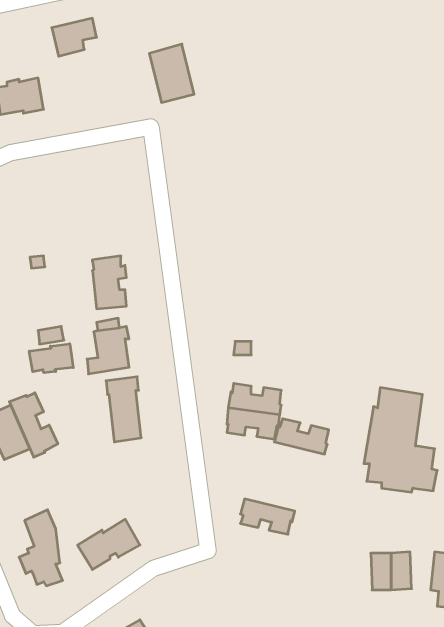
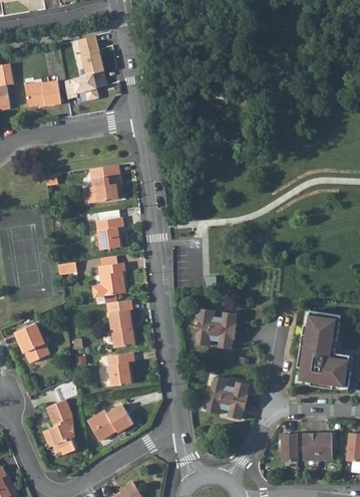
building: [149,44,194,102] -> [73,59,106,102]
building: none -> [87,167,121,204]
building: [29,344,73,373] -> none
building: [9,393,58,457] -> none
building: [274,419,329,454] -> [210,375,250,401]
building: none -> [107,354,133,388]
building: none -> [282,432,299,460]

